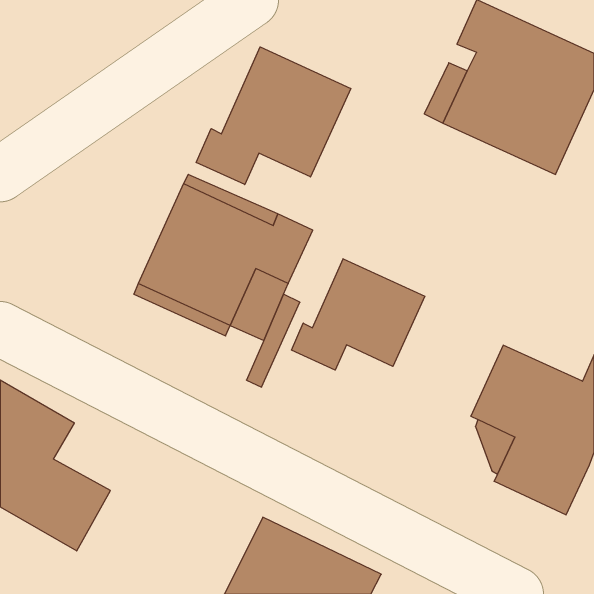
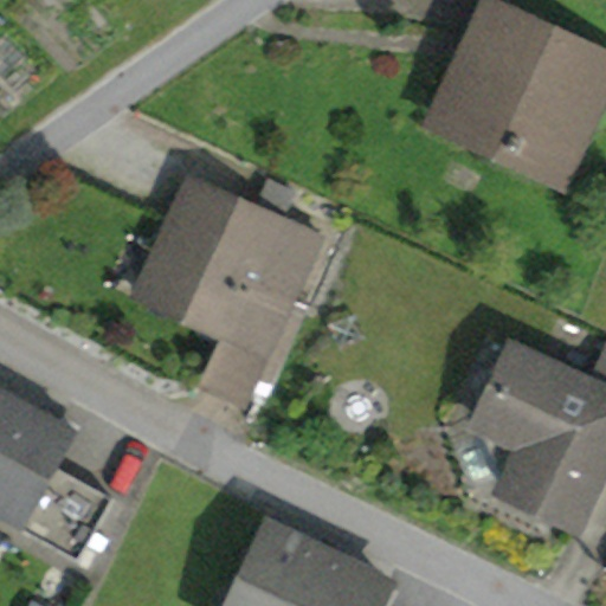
building: [196,47,351,185] -> none
building: [291,259,425,370] -> none

